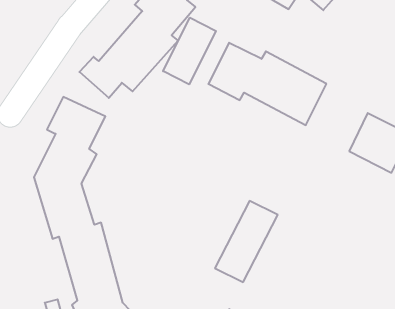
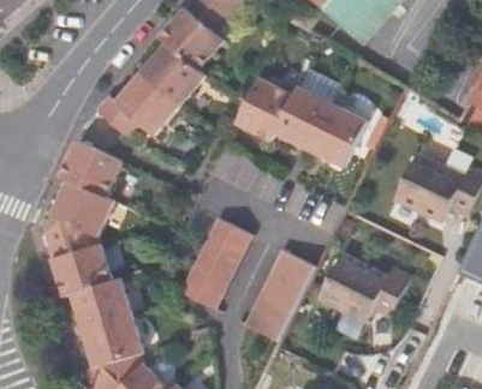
building: [163,18,216,84] -> none
building: none -> [182,219,251,309]
building: none -> [316,253,407,324]

